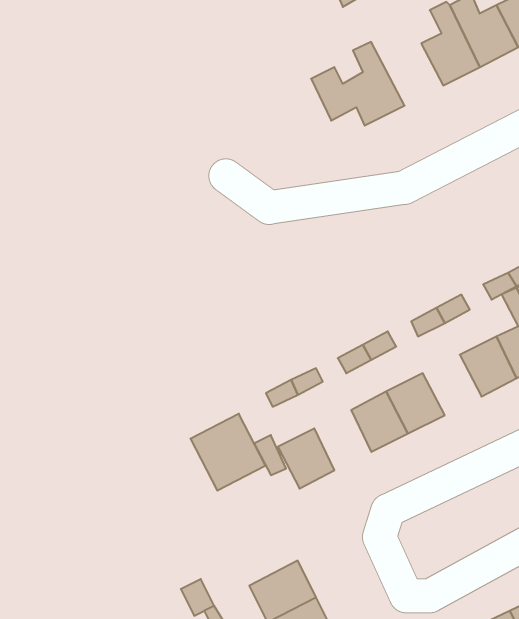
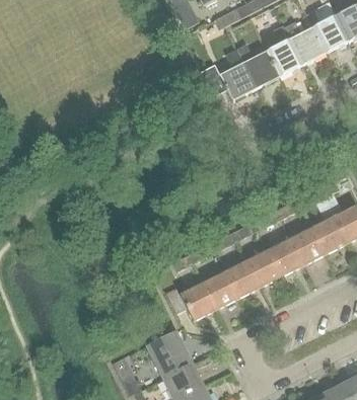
building: none -> [236,45,280,88]
building: none -> [268,239,303,275]
building: none -> [202,272,236,309]
building: [190,414,266,491] -> [146,332,192,379]

